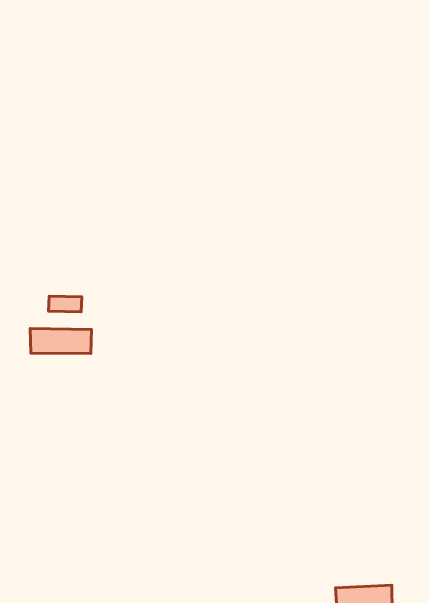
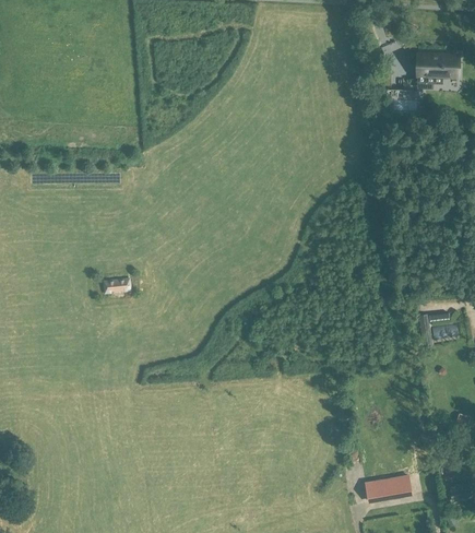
building: [30,328,92,353] -> none

